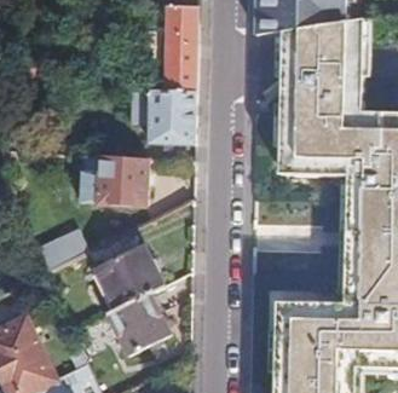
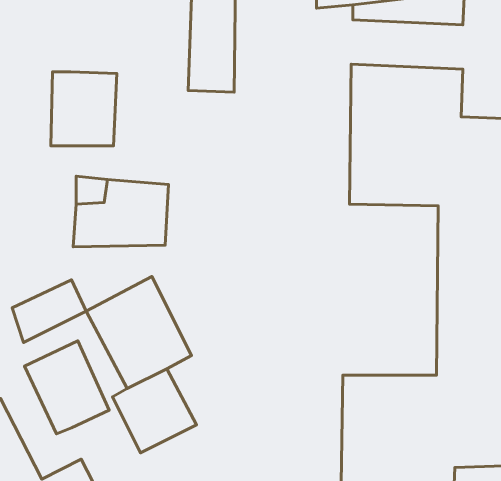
building: [282,39,364,75] -> none
building: [148,91,196,145] -> [51,72,117,146]
building: none -> [25,341,109,434]

